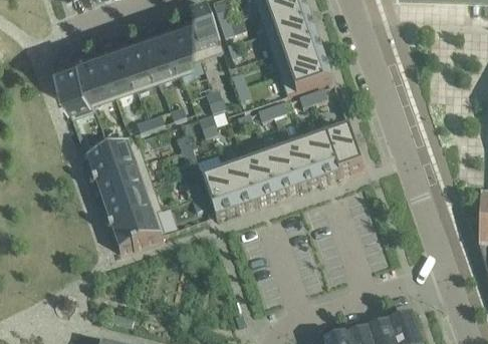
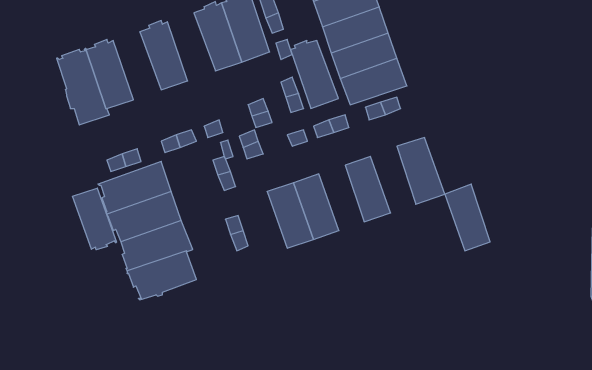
building: [143,27,181,81] -> [291,41,338,108]
building: [99,42,138,96] -> none
building: [304,133,340,187] -> [445,184,490,251]
building: [263,148,299,201] -> none
building: none -> [73,188,117,250]
building: [201,169,238,223] -> none

